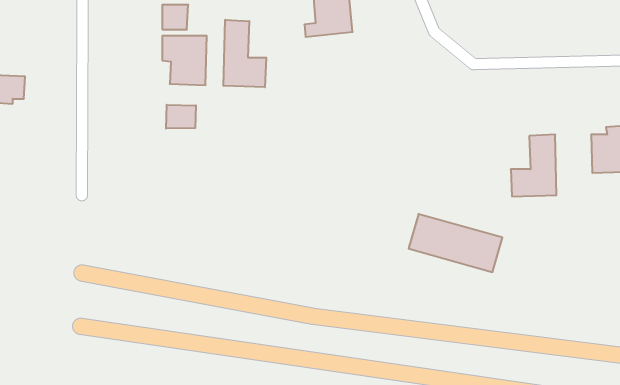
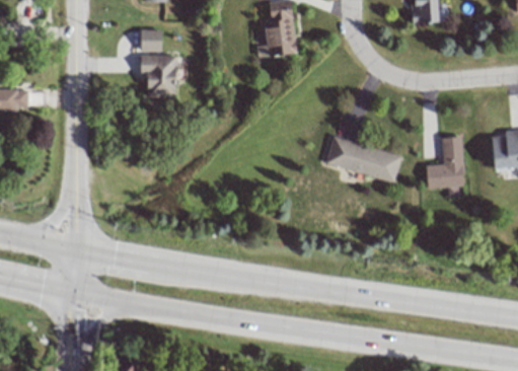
building: [224,20,266,87] -> none
building: [166,105,196,129] -> none
building: [409,214,502,272] -> [325,136,402,183]

